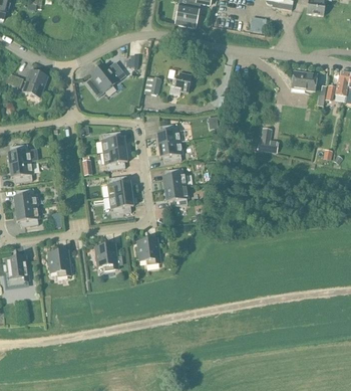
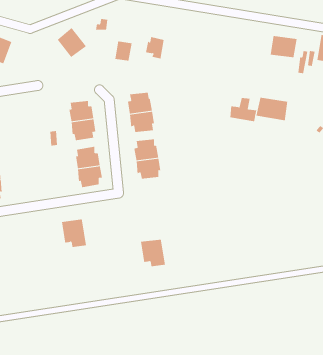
building: none -> [256,97,288,121]
building: [136,238,160,264] -> [140,239,166,267]
building: [47,250,71,276] -> none

